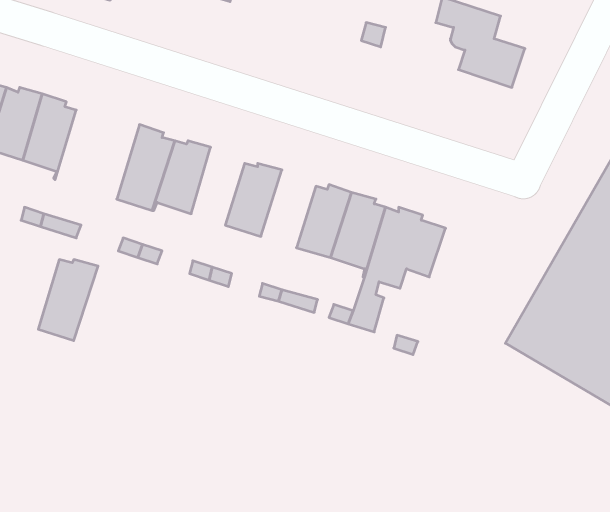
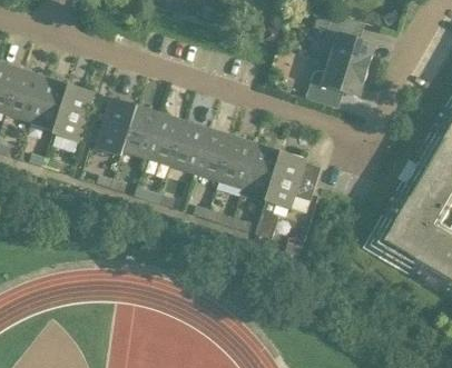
building: none -> [306,59,367,107]
building: none -> [147,112,184,166]
building: none -> [195,128,233,181]
building: [38,260,98,341] -> [53,87,95,142]

